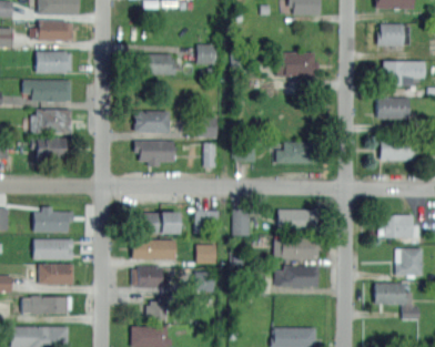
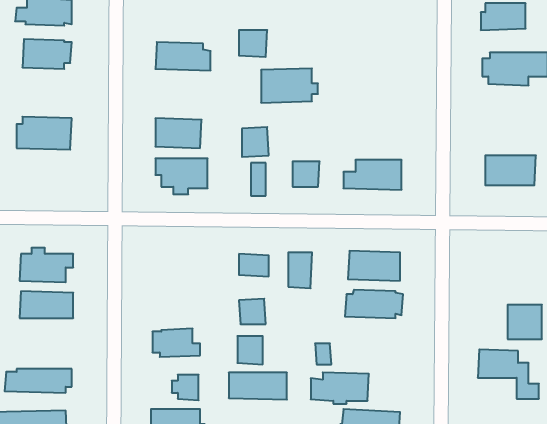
building: [276,50,318,75] -> [261,68,318,103]
building: [24,79,73,100] -> none
building: [376,98,409,118] -> none
building: [31,137,70,159] -> none
building: [131,213,179,233] -> none
building: [380,214,417,238] -> none
building: [132,239,175,259] -> [229,373,287,400]
building: [40,263,73,284] -> none
building: [275,265,318,288] -> [311,372,369,404]

